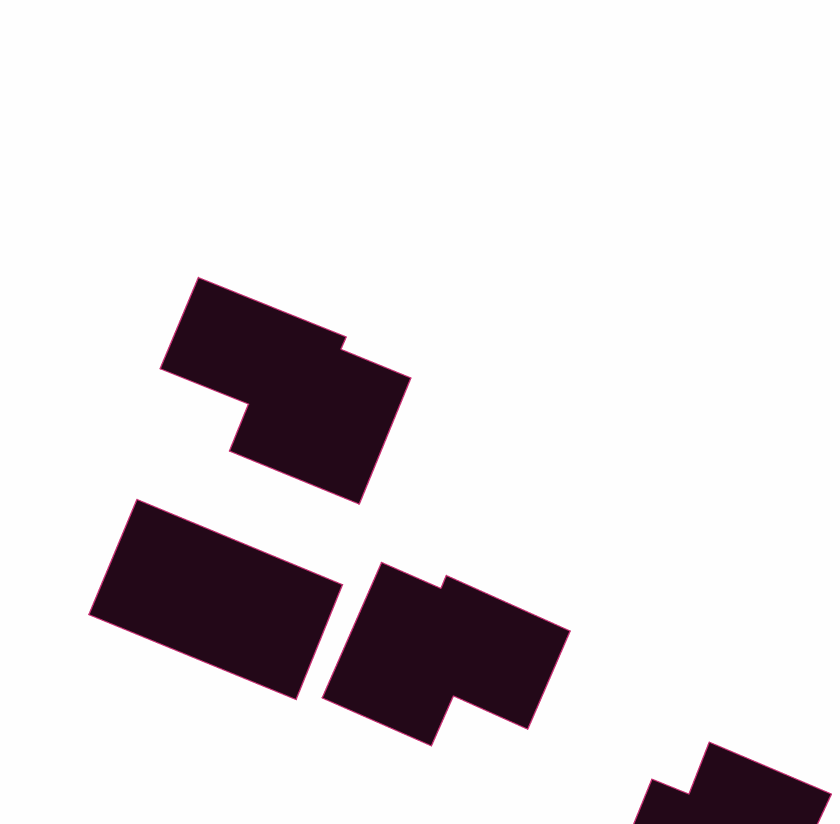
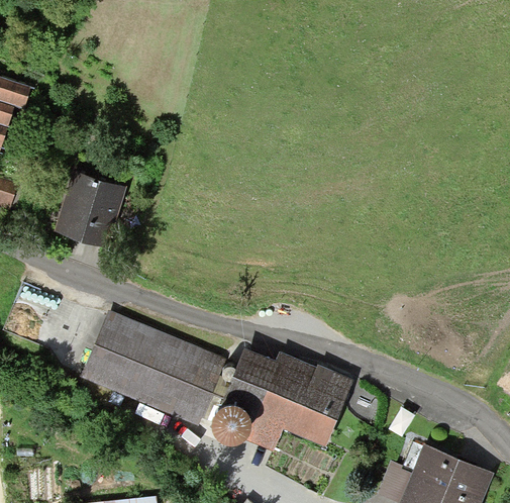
building: none -> [64,175,123,239]
building: [160,277,411,504] -> none

